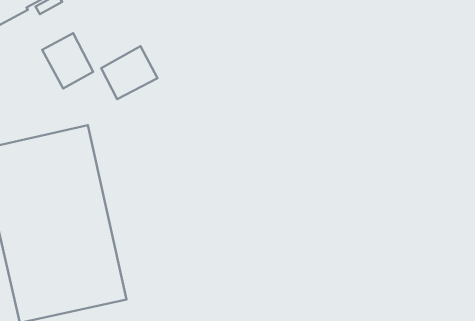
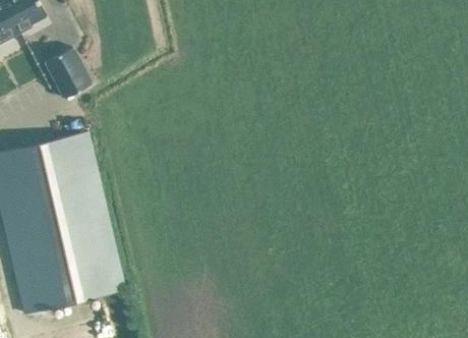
building: [101,46,157,99] -> none

